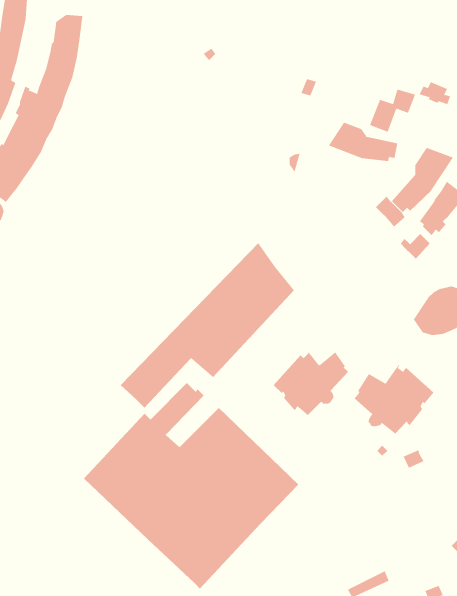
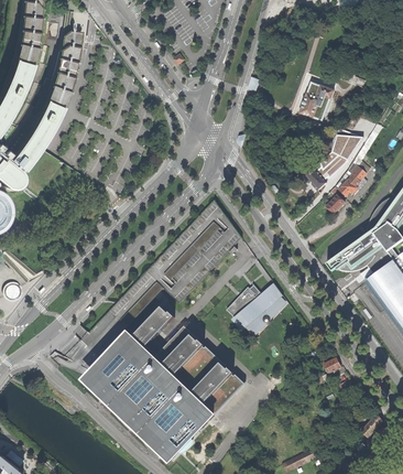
building: [328,122,398,162] -> none
building: [354,364,434,434] -> none

